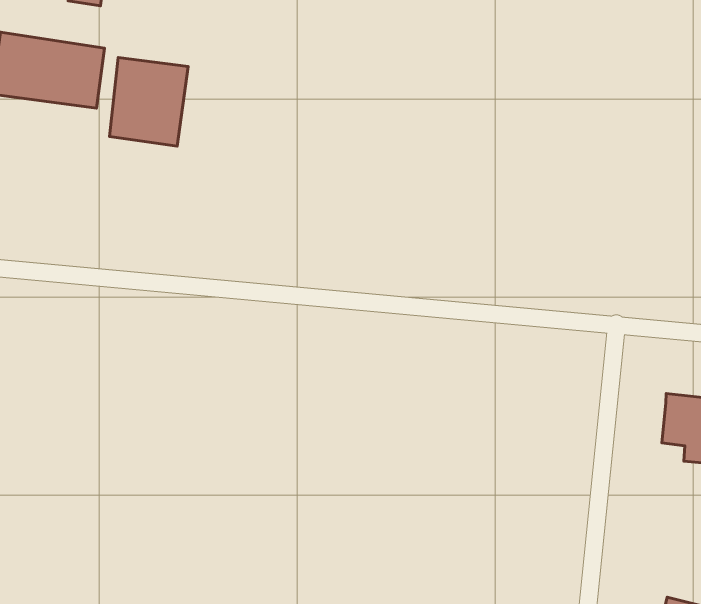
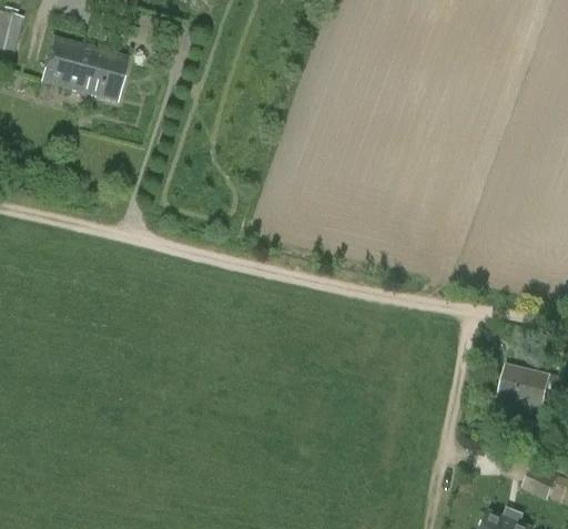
building: [109,57,188,146] -> none

